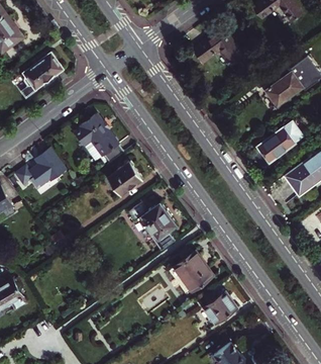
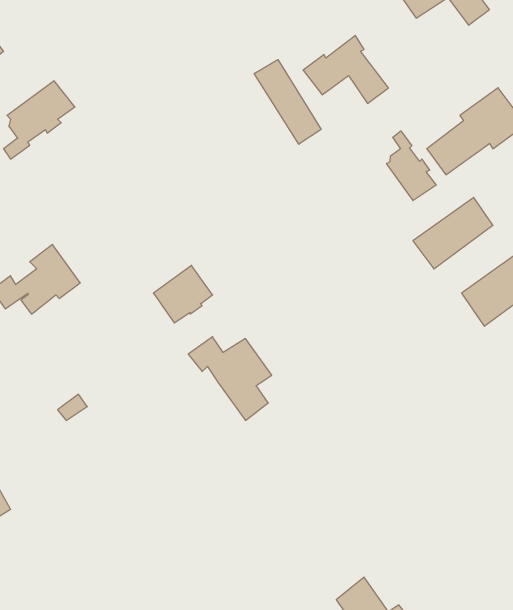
building: none -> [254,60,321,144]
building: none -> [387,131,436,201]
building: [74,114,123,164] -> none
building: [173,252,212,291] -> none
building: [203,292,235,324] -> none

